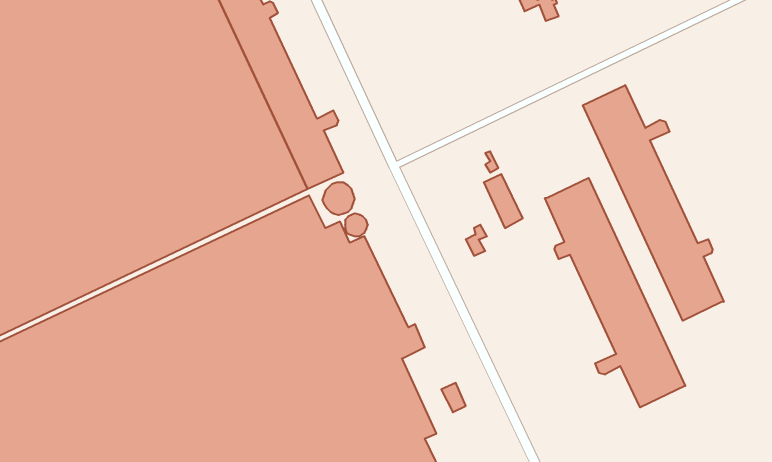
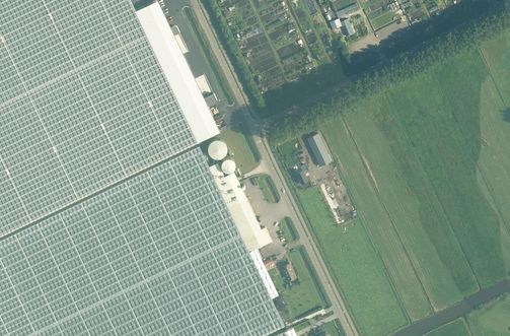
building: [583,85,724,321] -> none
building: [545,178,685,407] -> none

